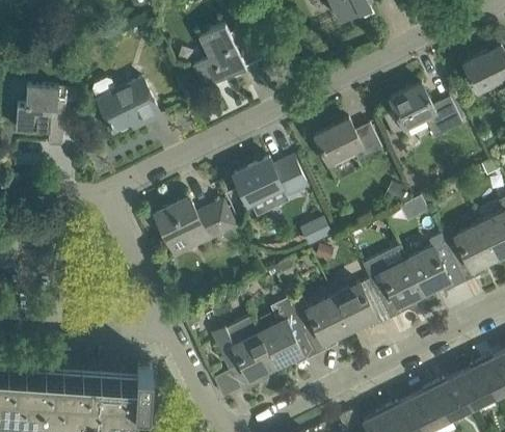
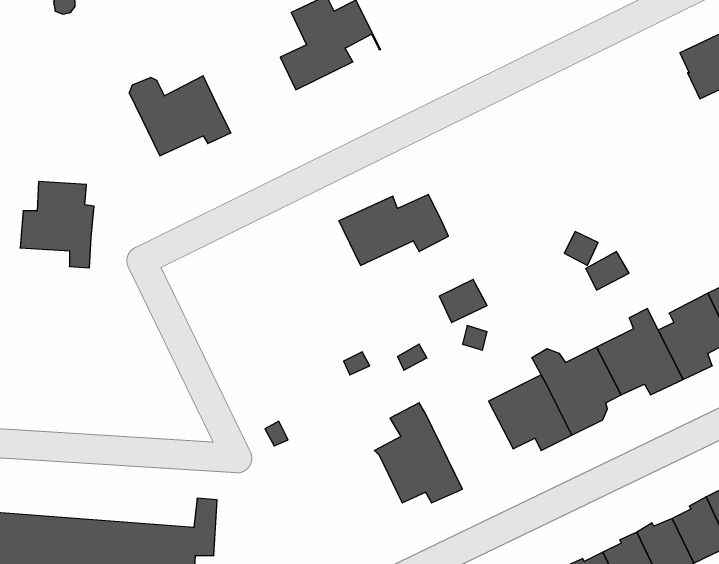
building: [384,83,462,137] -> none
building: [15,85,64,143] -> [20,182,94,268]
building: [314,119,381,166] -> none
building: [155,197,236,255] -> none
building: [291,297,350,356] -> none
building: [211,317,275,395] -> none

